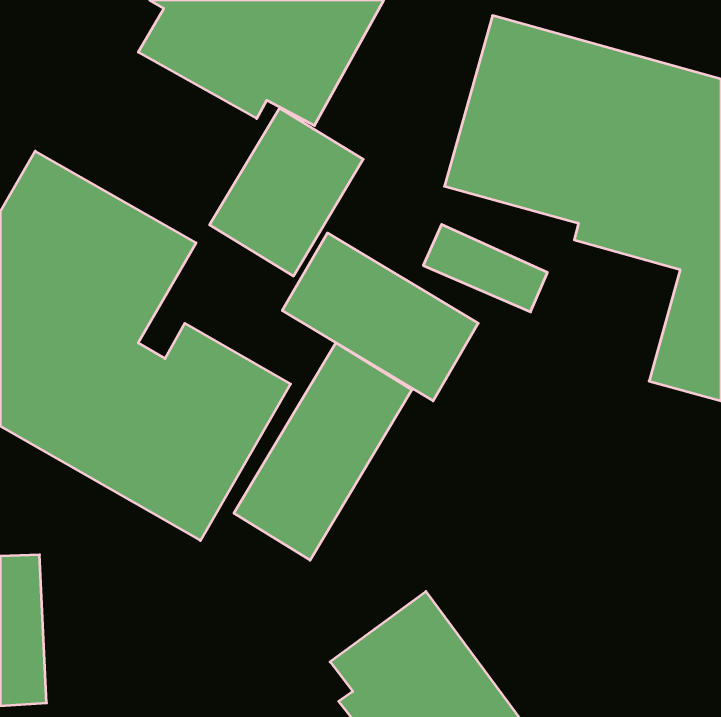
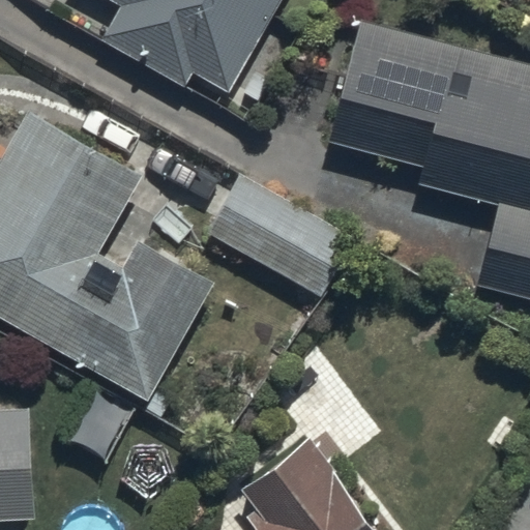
building: [210,108,363,276] -> none
building: [234,343,412,560] -> none

